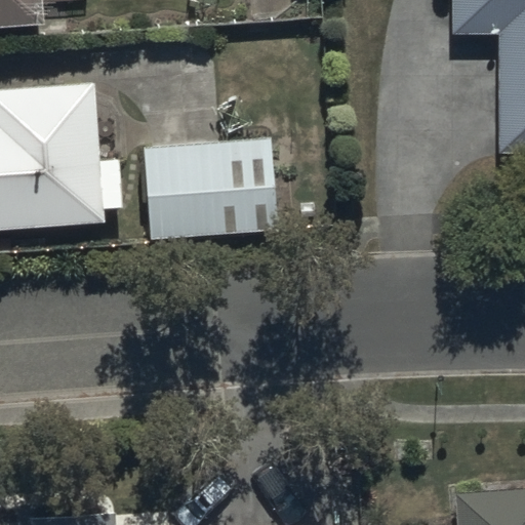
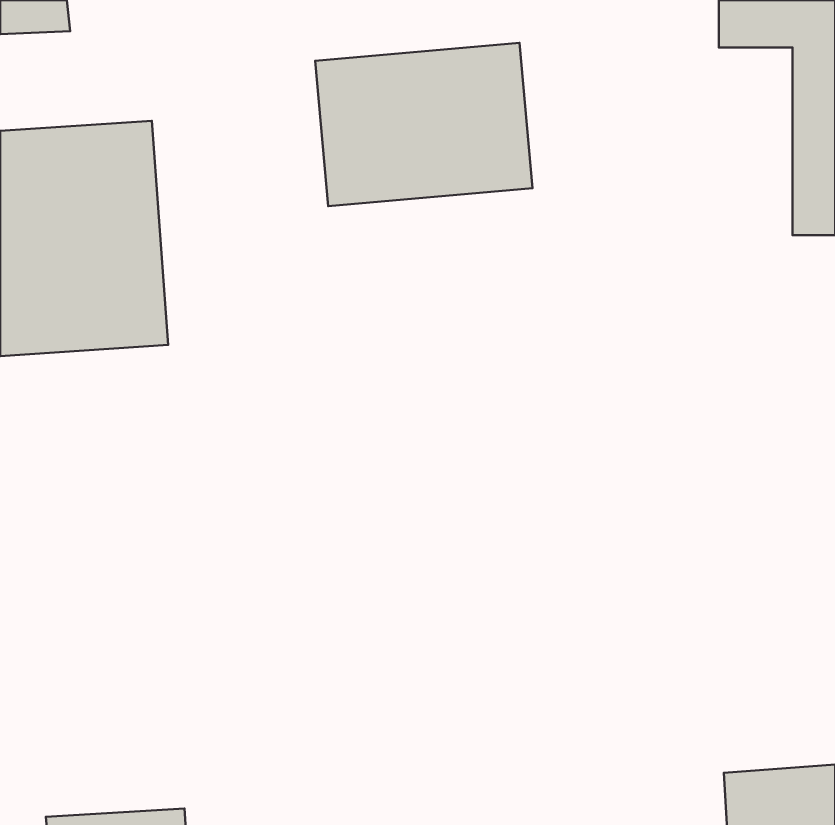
building: [143,138,279,241] -> [315,43,533,206]

